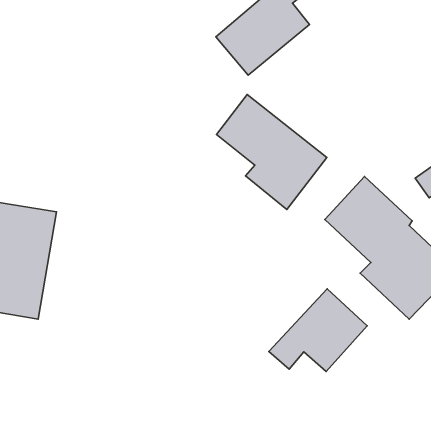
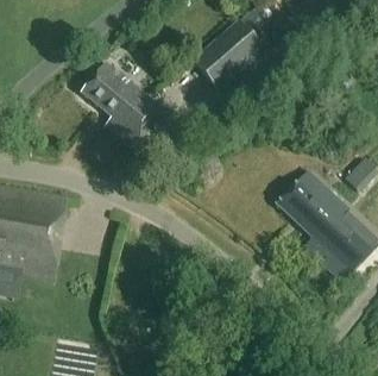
building: [216,95,327,210] -> [81,61,166,150]
building: [269,289,367,372] -> none

